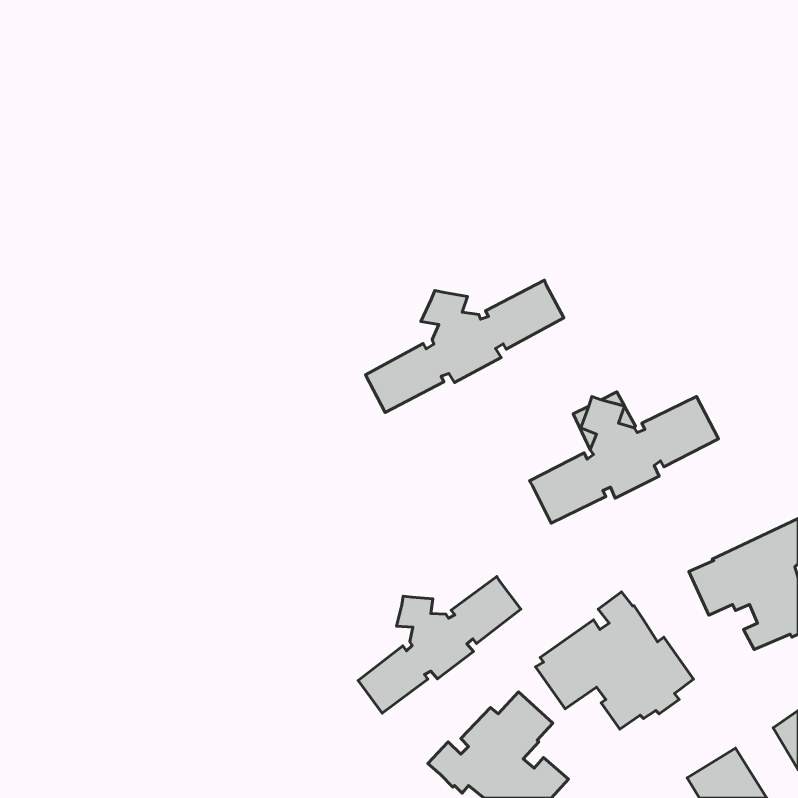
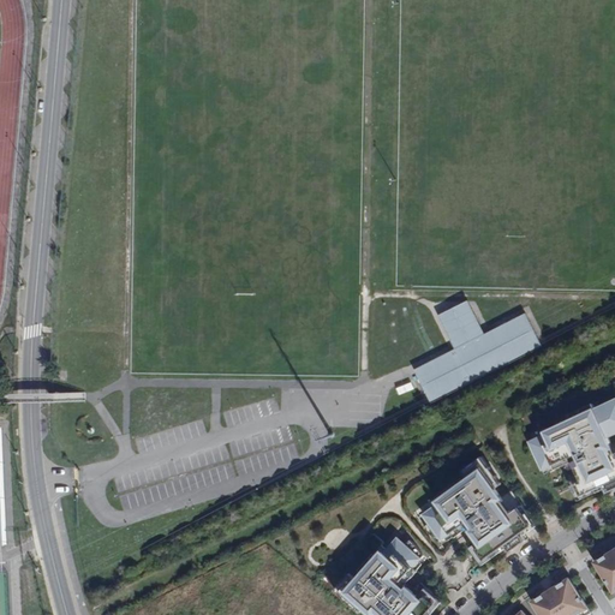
building: [366,280,564,413] -> none
building: [358,576,521,713] -> none

